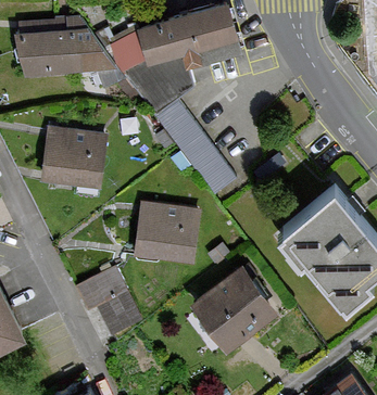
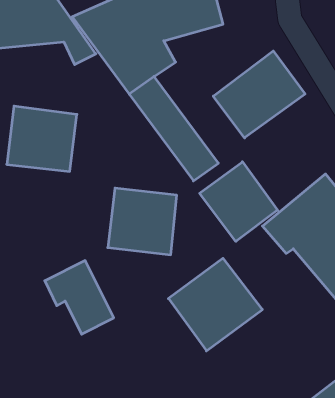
building: none -> [213,51,305,138]
building: none -> [200,162,278,241]

